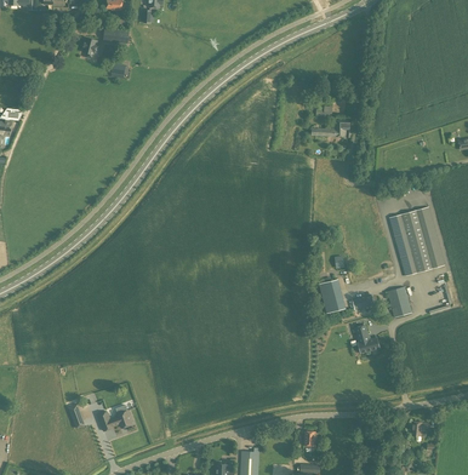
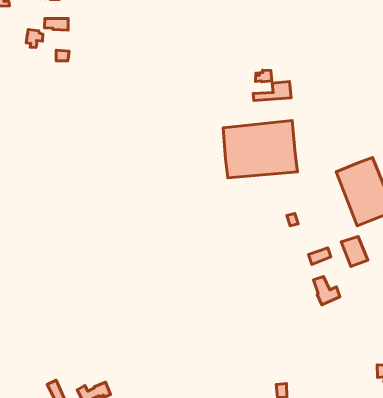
building: none -> [223,121,297,178]
building: [318,277,344,313] -> none

